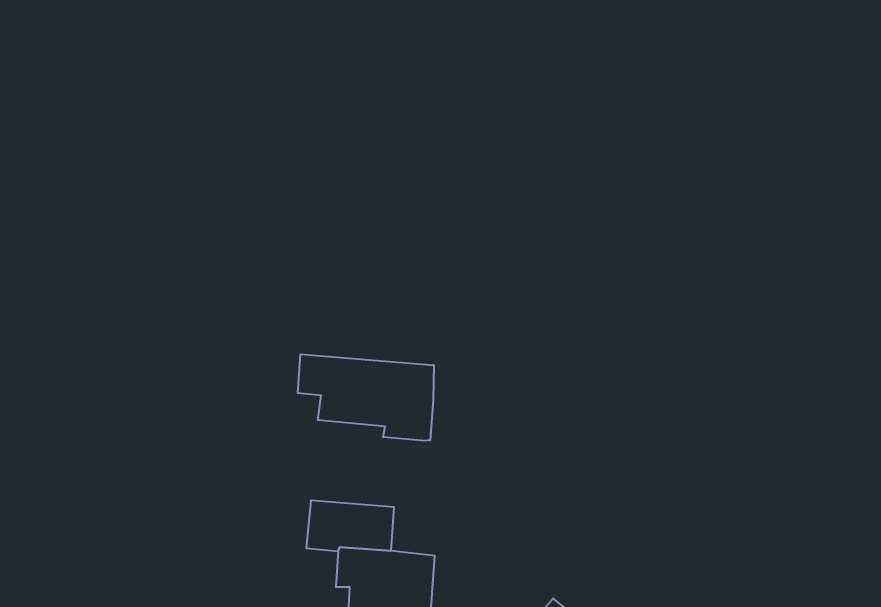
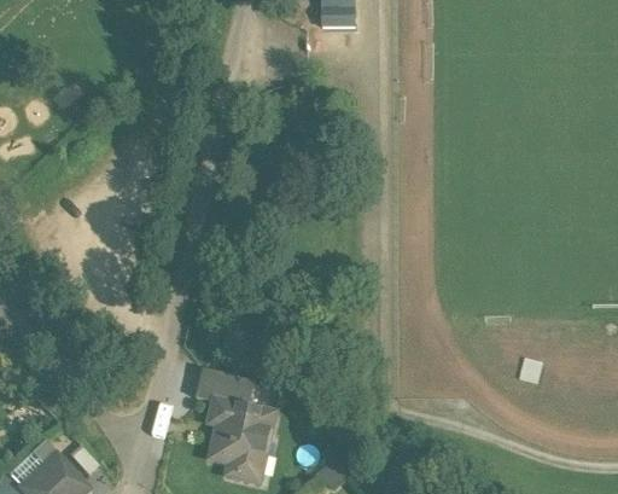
building: [298,354,434,441] -> none

